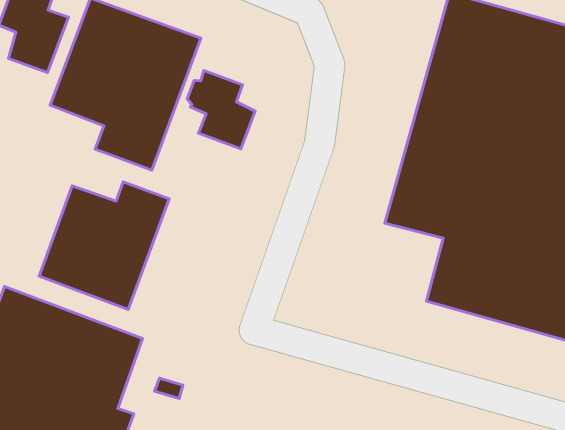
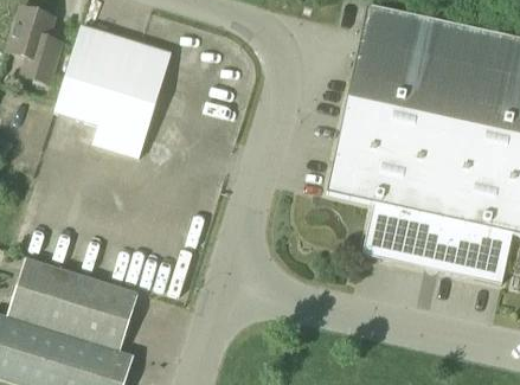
building: [187,71,255,149] -> none
building: [39,182,169,309] -> none

